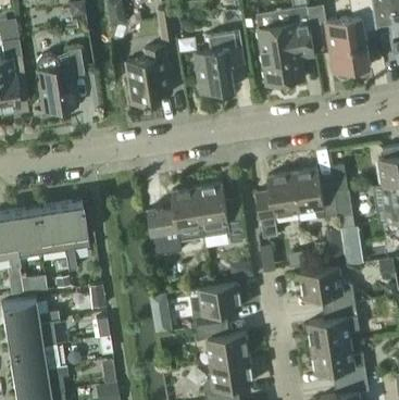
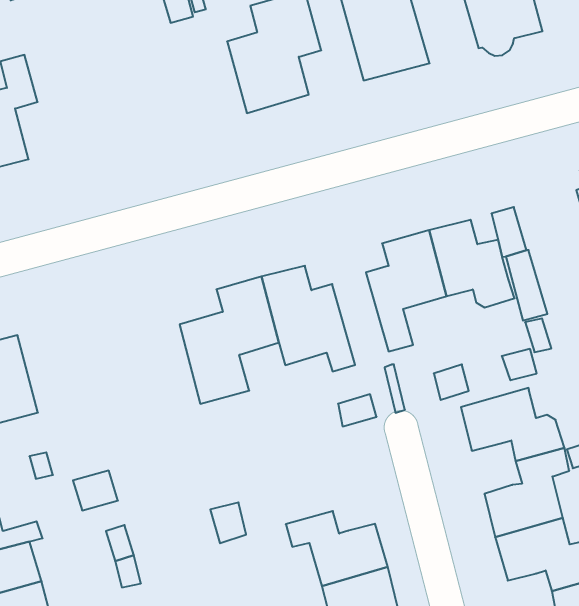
building: [126,45,172,104] -> none
building: [58,201,87,270] -> none
building: [194,283,242,327] -> none

